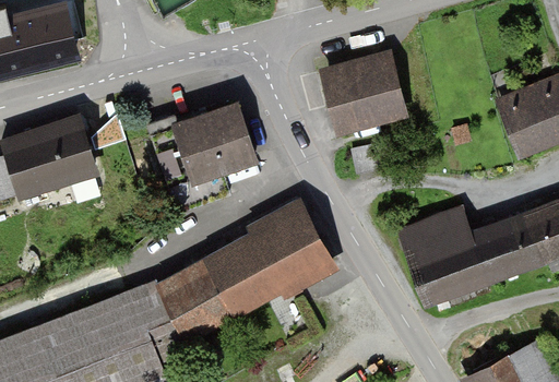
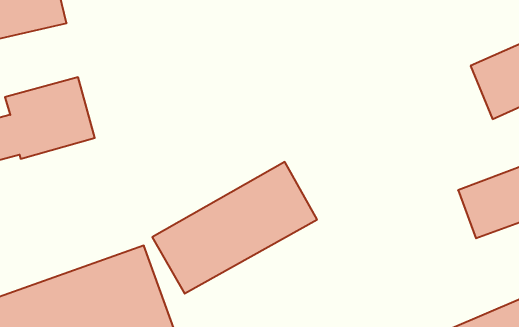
building: [324,50,414,128] -> none
building: [145,103,262,189] -> none
building: [400,214,493,303] -> none

